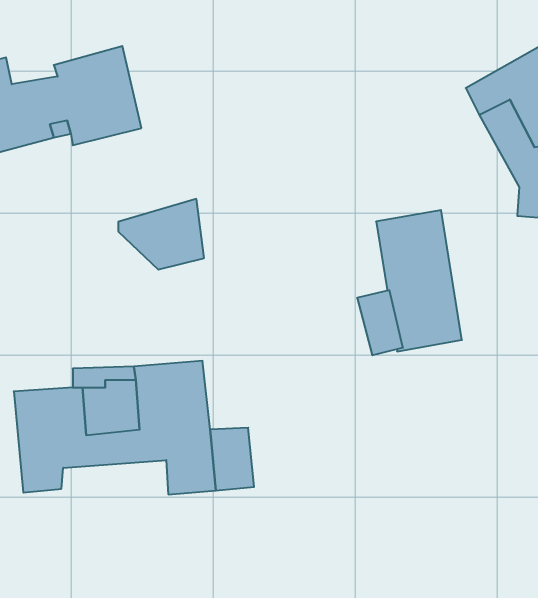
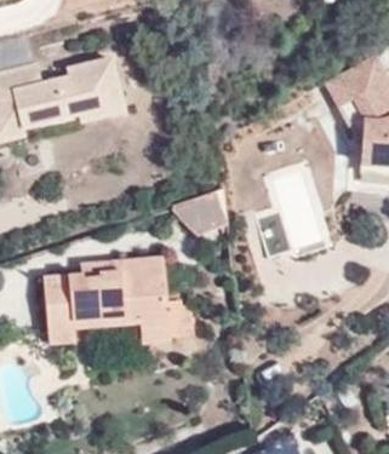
building: [118,199,204,270] -> [171,189,225,234]

